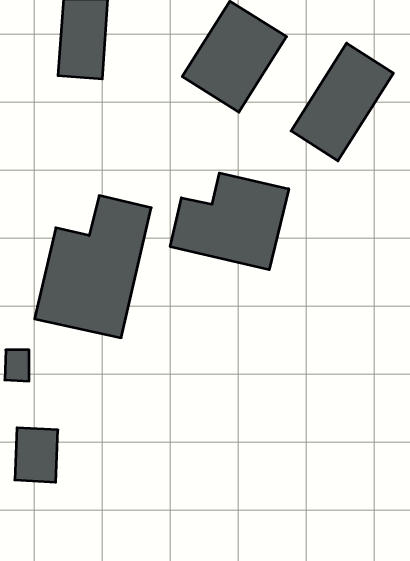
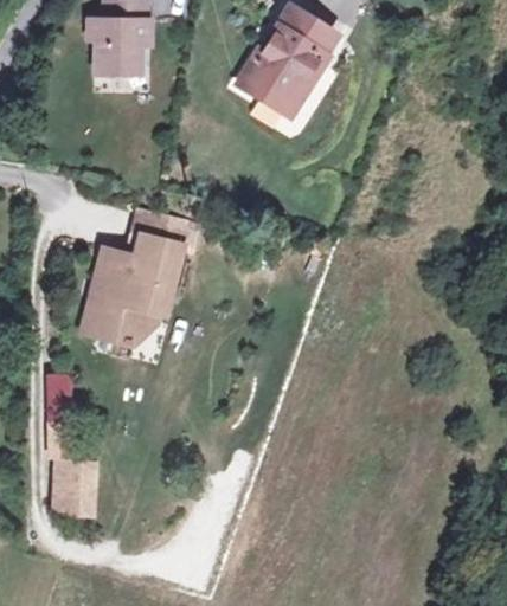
building: [291,43,393,161] -> none
building: [170,173,289,270] -> none

